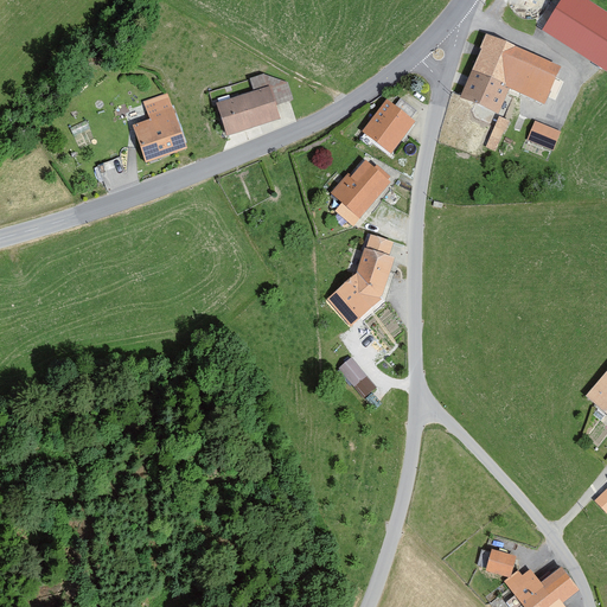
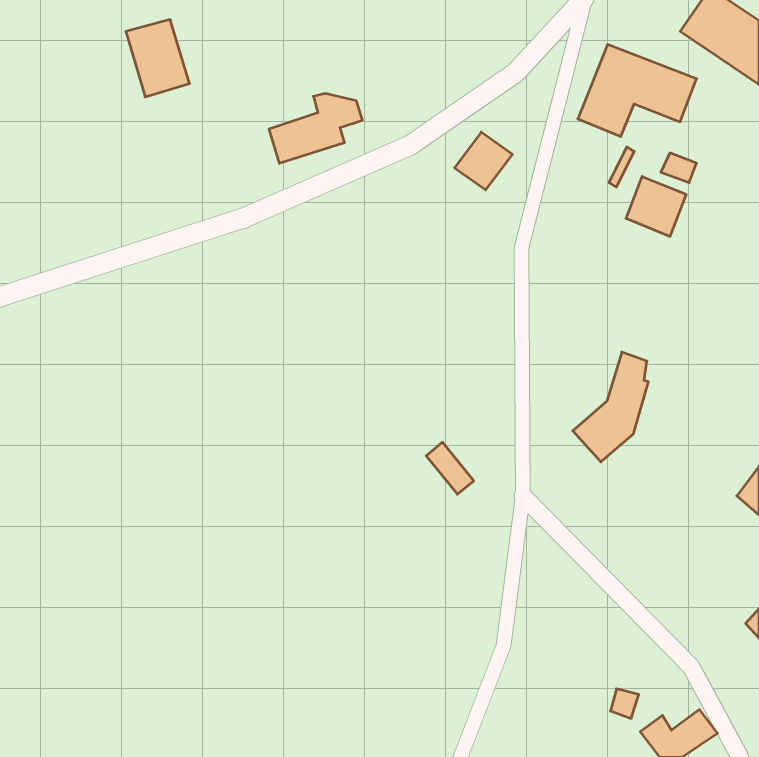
building: [132,97,183,159] -> [126,20,190,97]
building: none -> [626,176,686,236]
building: [333,165,388,225] -> none
building: [330,237,390,325] -> [573,352,648,462]

